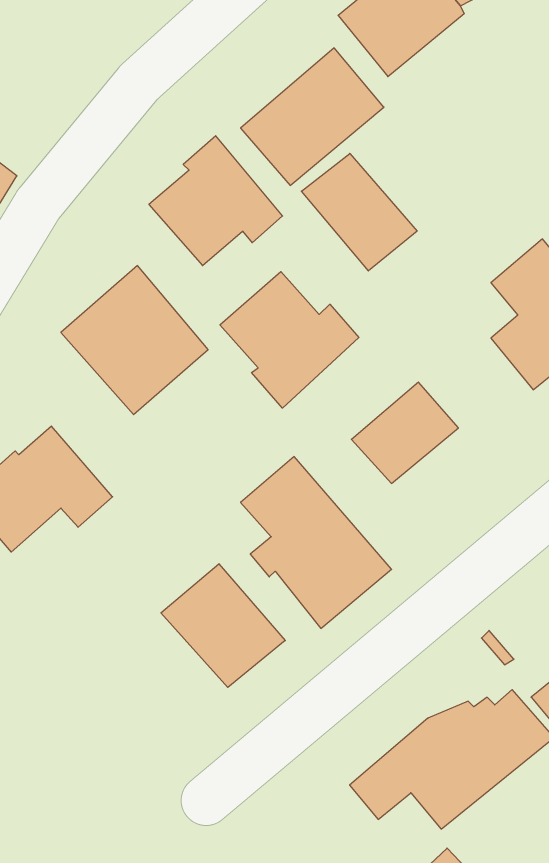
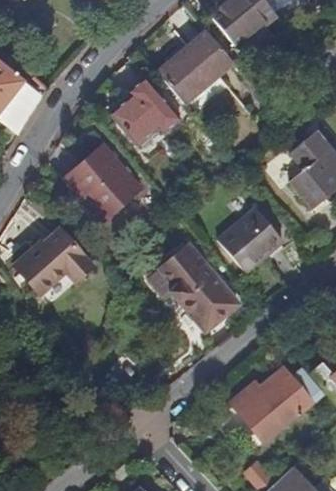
building: [301,153,417,271] -> none
building: [220,272,359,408] -> none
building: [161,564,285,687] -> none

